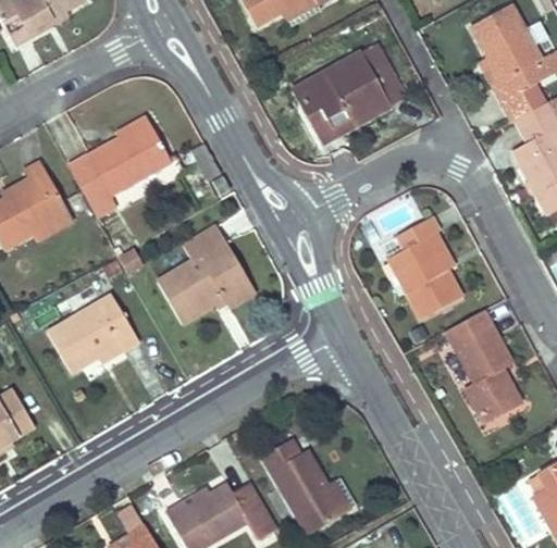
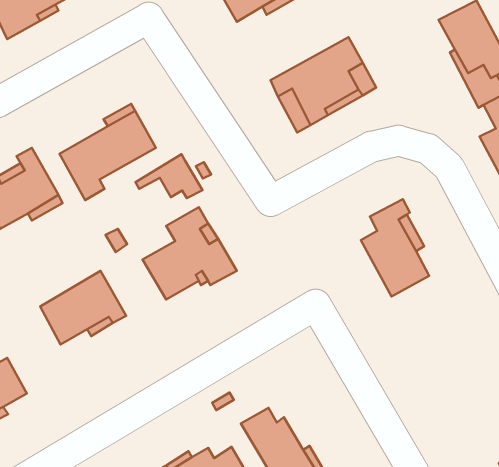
building: none -> [135,154,202,198]
building: [447,311,519,424] -> none

